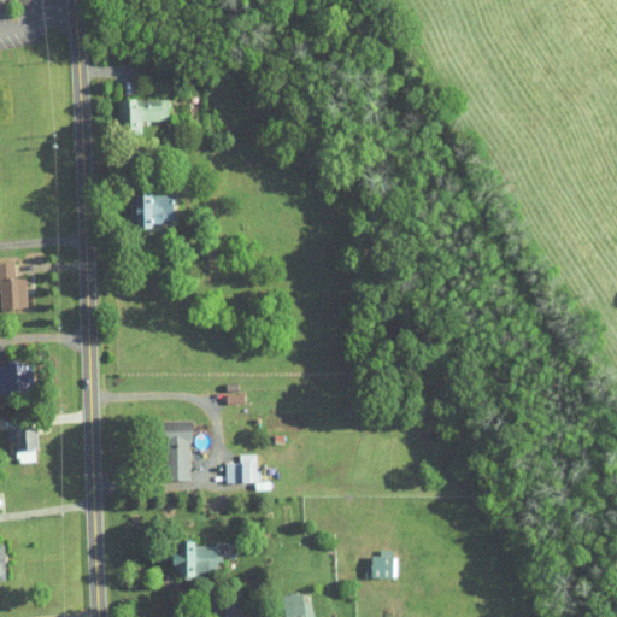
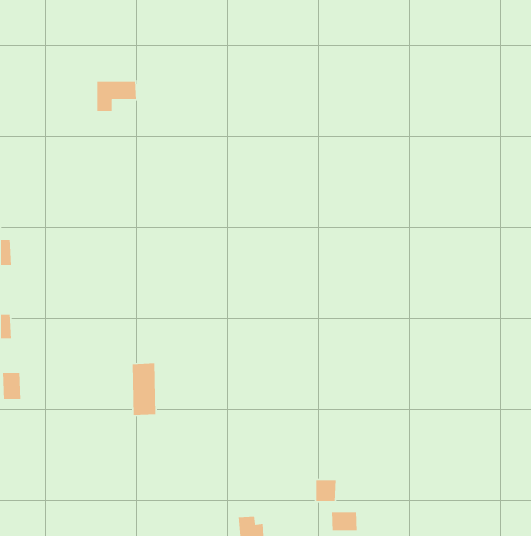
building: [136,195,174,227] -> none
building: [225,453,257,482] -> none
building: [172,540,218,575] -> none
building: none -> [331,511,358,531]

